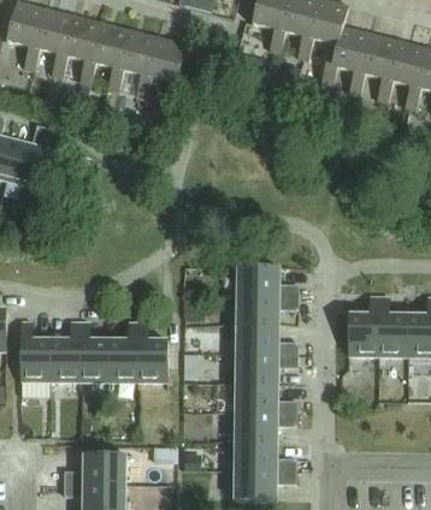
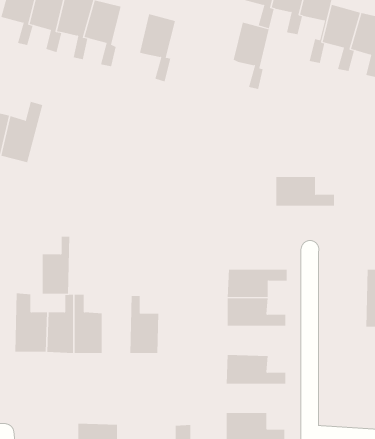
building: [119,29,157,97] -> [233,22,270,89]
building: [237,266,297,296] -> [275,176,335,206]
building: [347,296,378,355] -> none
building: [110,322,138,381] -> [42,236,70,294]
building: [236,354,296,384] -> none
building: [235,413,296,441] -> none

